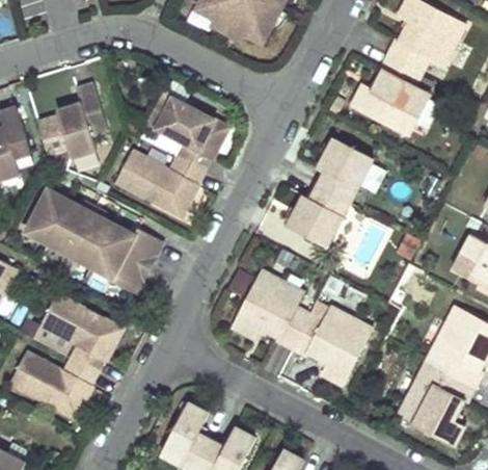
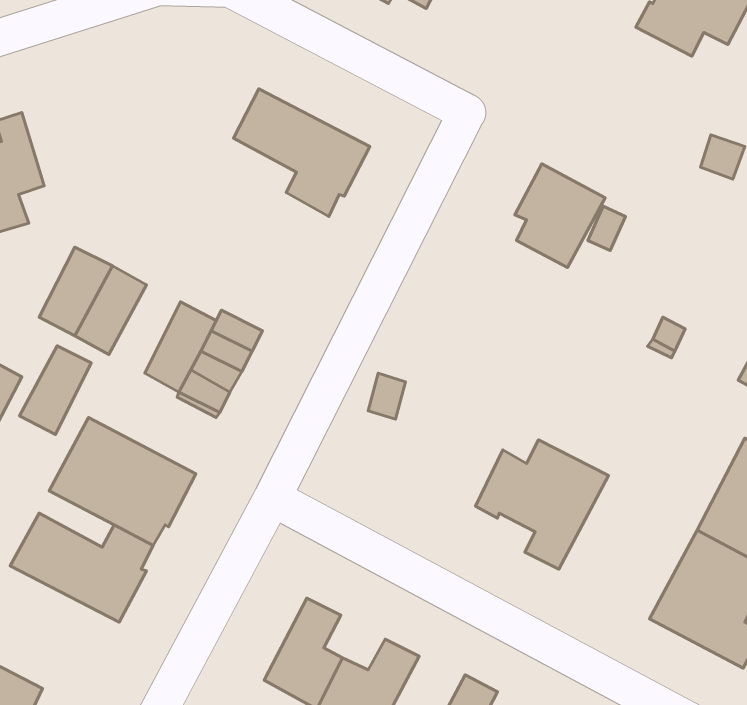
building: [351,55,431,136] -> none
building: [34,83,106,171] -> none
building: [112,151,201,216] -> none
building: [286,185,347,244] -> none
building: [67,212,111,266] -> [20,346,91,434]
building: [232,271,307,347] -> none

